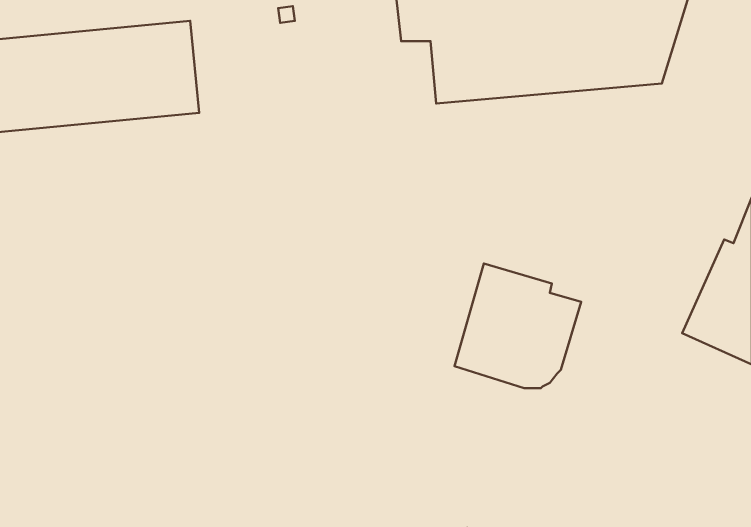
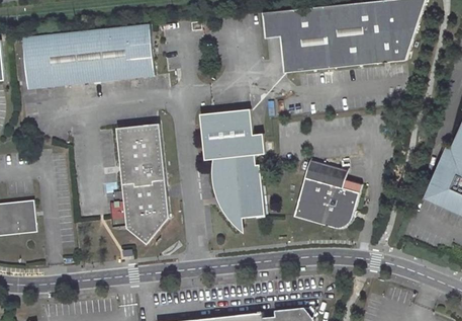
building: none -> [199,110,265,233]
building: none -> [117,124,170,243]

